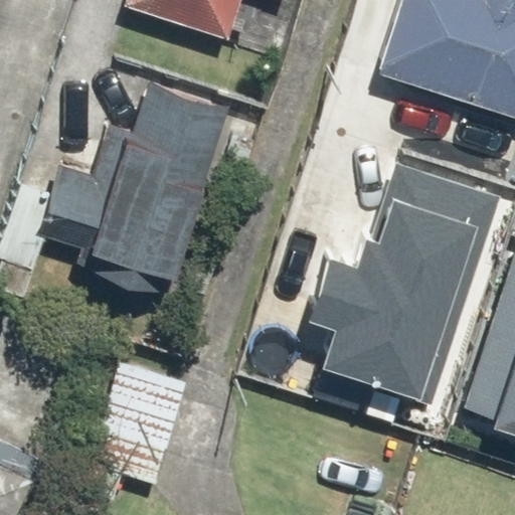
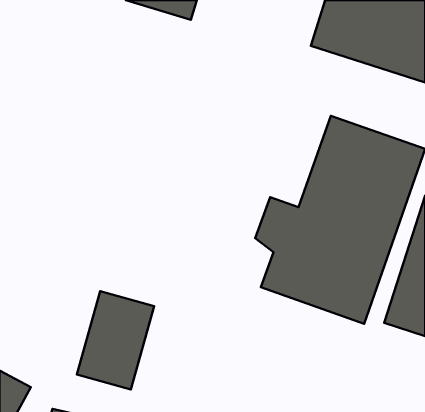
building: [51,83,229,270] -> none

